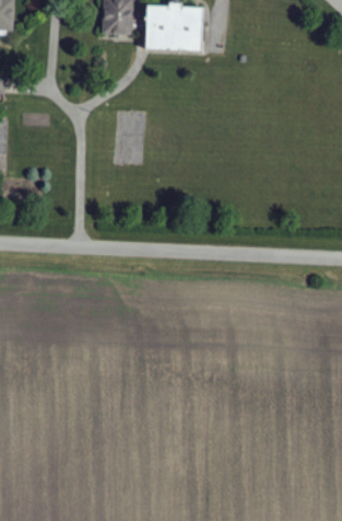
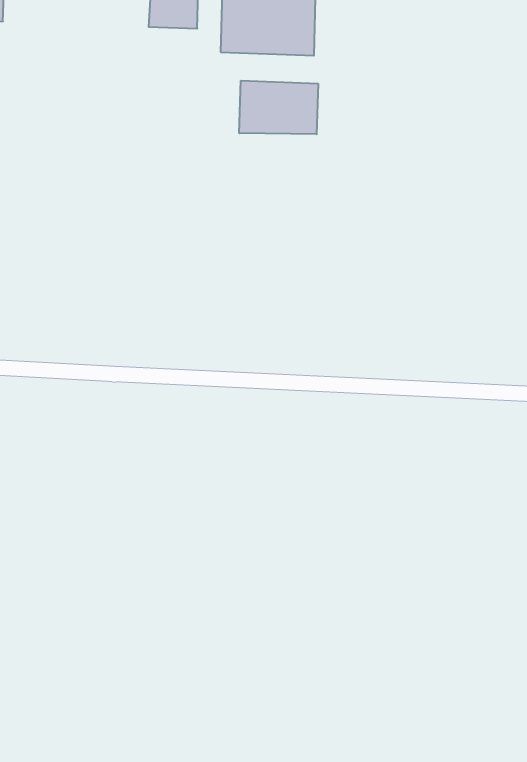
building: none -> [239,81,318,134]

